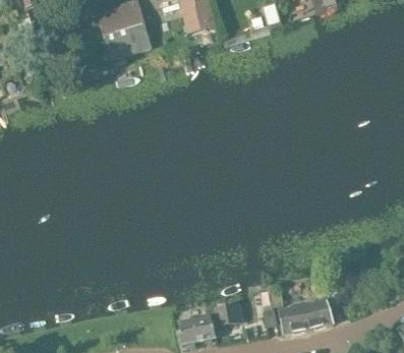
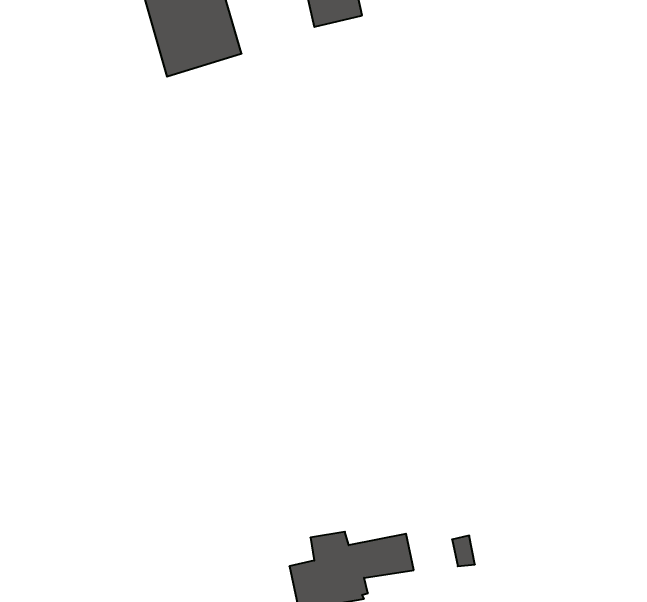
building: [278,299,332,334] -> none

